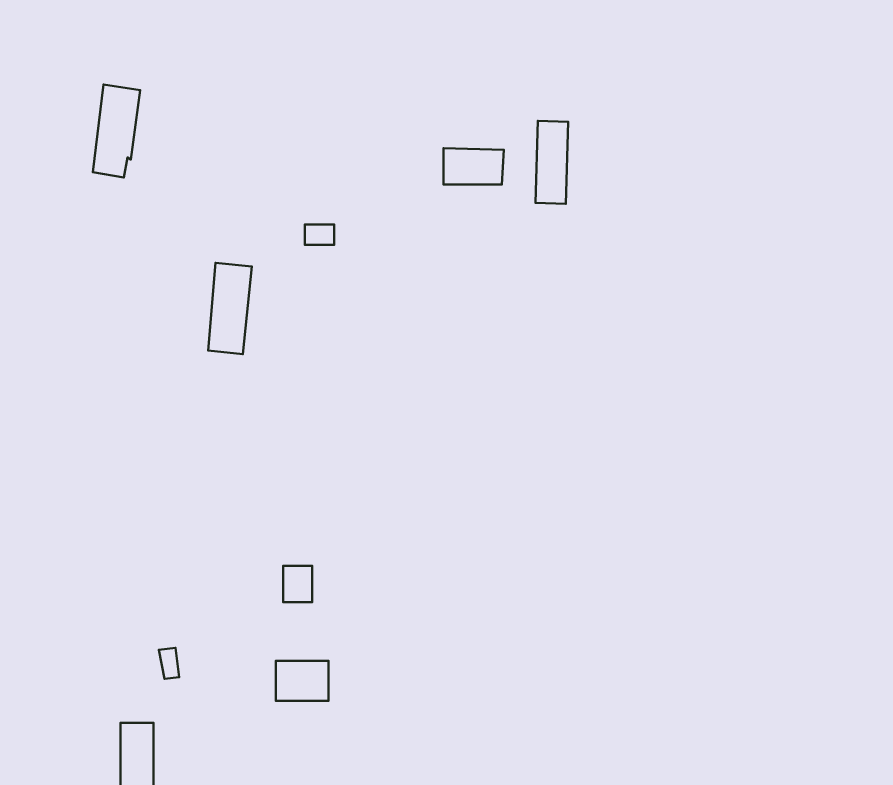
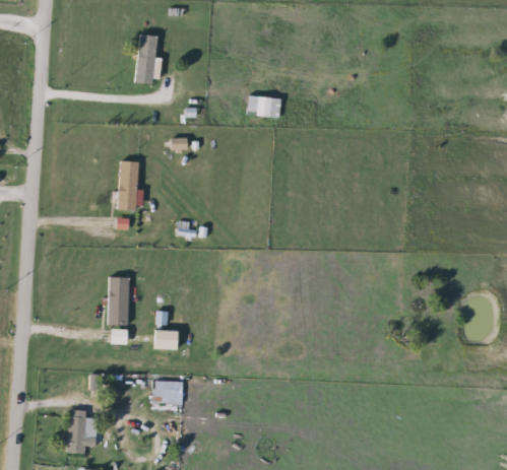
building: [93,85,140,178] -> [135,32,162,84]
building: [535,121,568,204] -> none
building: none -> [109,276,131,325]

